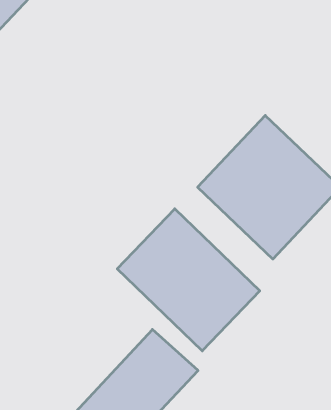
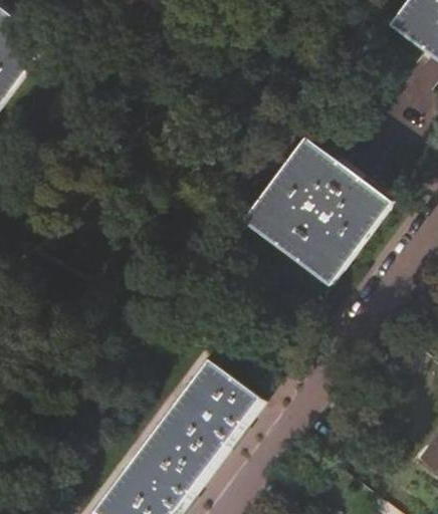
building: [117,209,260,351] -> none

